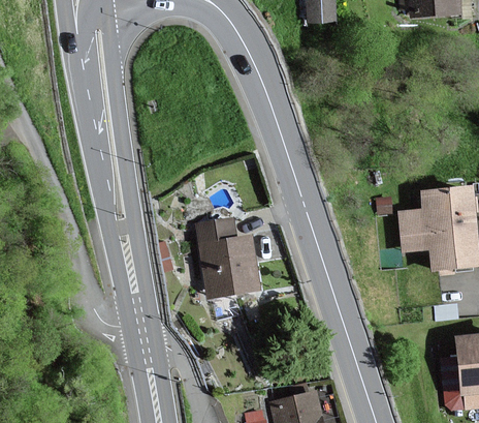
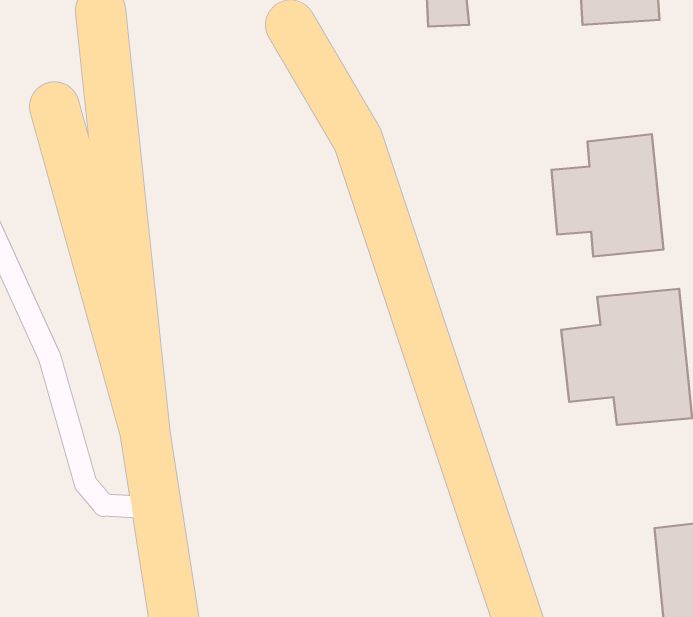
building: none -> [551,134,664,257]
building: [198,216,260,296] -> none

